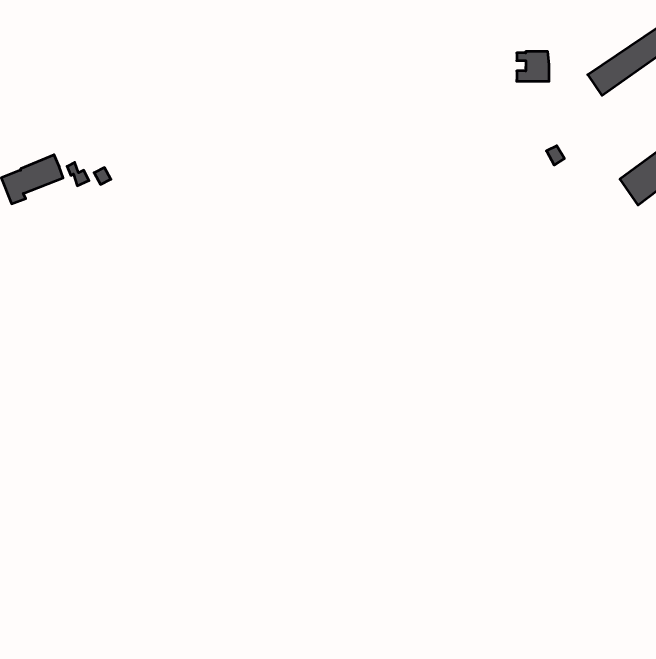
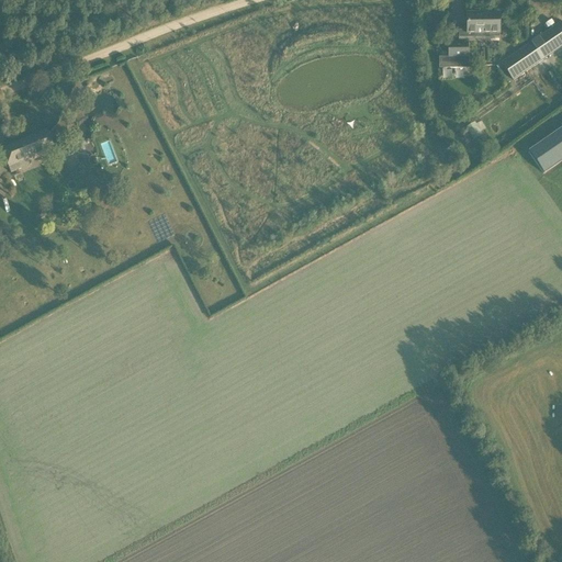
building: none -> [469,14,501,35]

